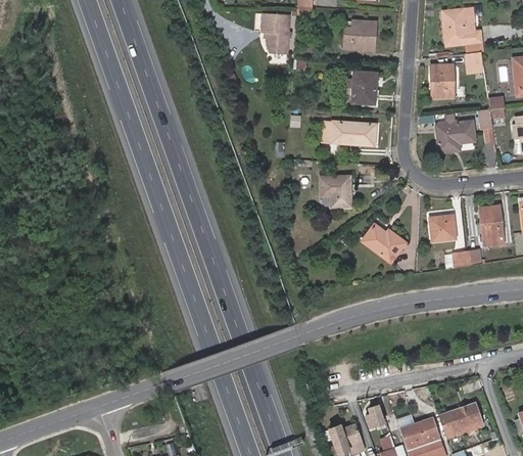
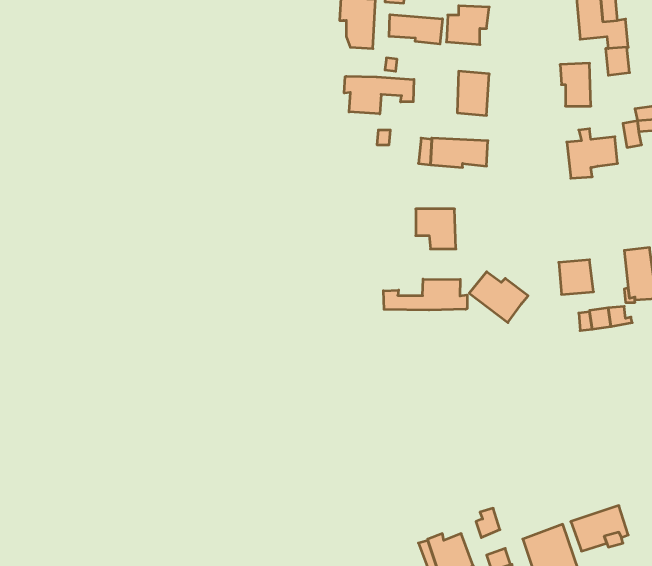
building: none -> [389,15,442,44]
building: none -> [344,76,414,114]
building: none -> [383,279,467,310]

